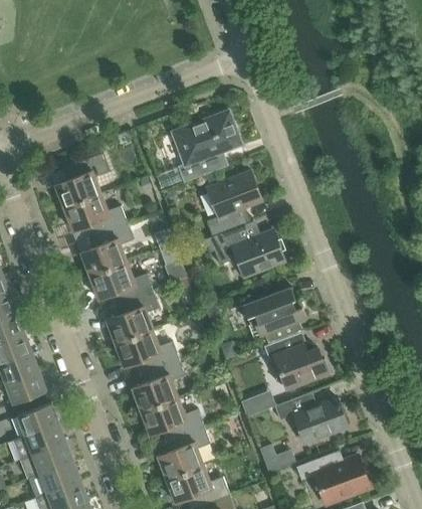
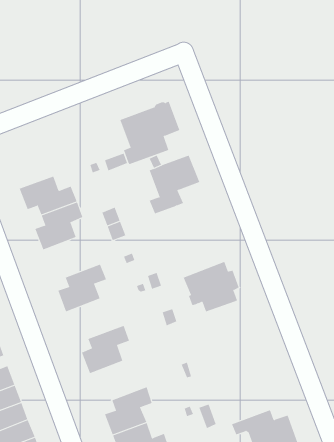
building: [54,154,108,208] -> none
building: [204,227,284,277] -> none
building: [88,262,152,306] -> none
building: [114,329,178,373] -> none
building: [262,332,328,389] -> none
building: [273,394,347,444] -> none
building: [140,397,203,441] -> none

